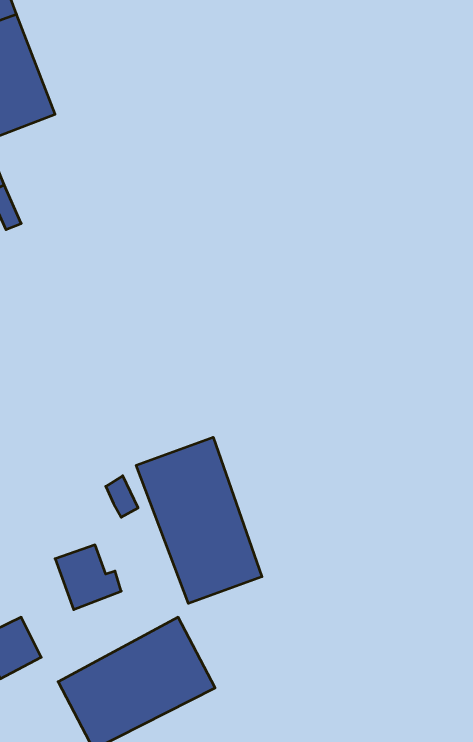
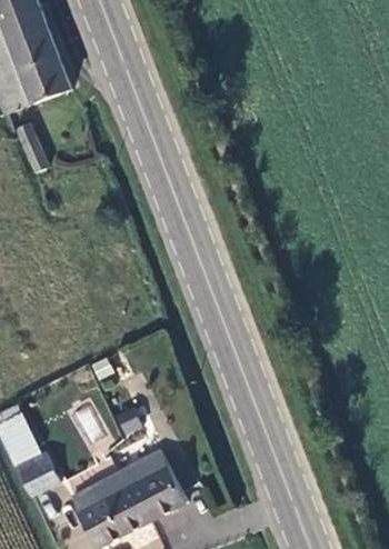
building: [136,437,262,603] -> none

